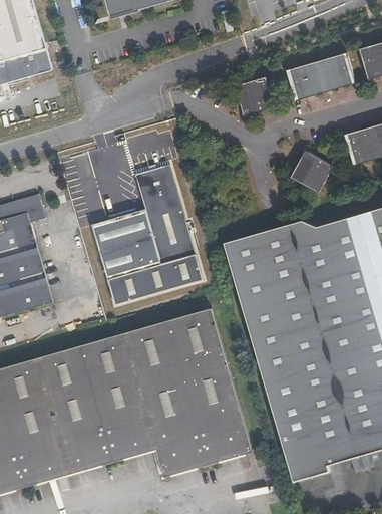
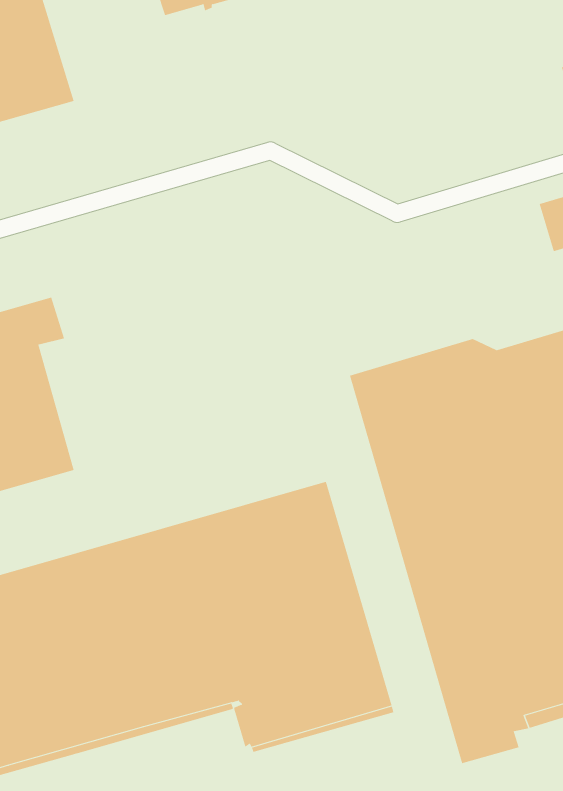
building: [286,52,354,102] -> none
building: [234,76,275,117] -> none
building: [290,150,333,193] -> none
building: [93,164,204,305] -> none

